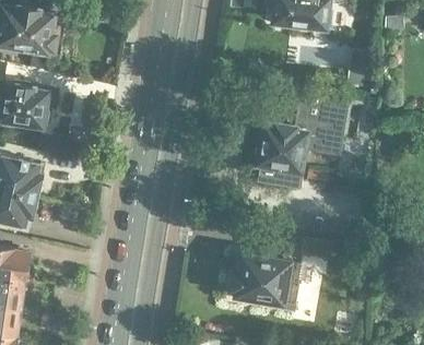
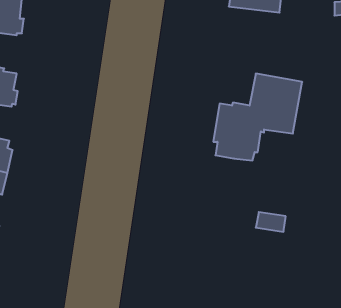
building: [229,253,299,306] -> none

